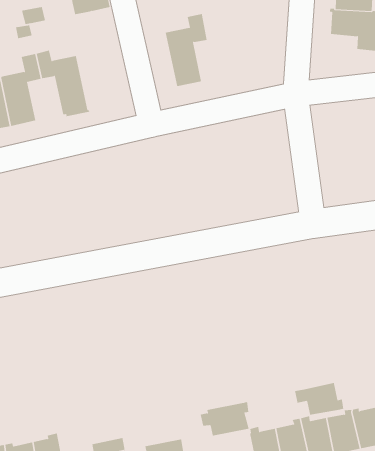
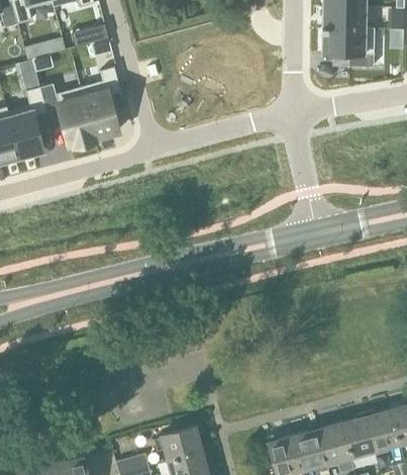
building: [165,14,207,87] -> [80,68,121,139]
building: [295,382,344,416] -> none
building: [200,402,249,436] -> [154,425,202,461]

